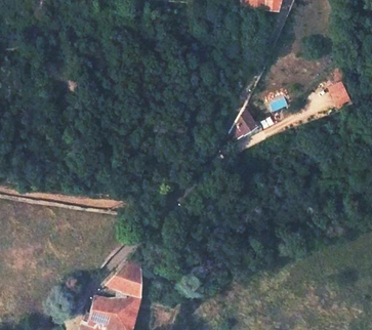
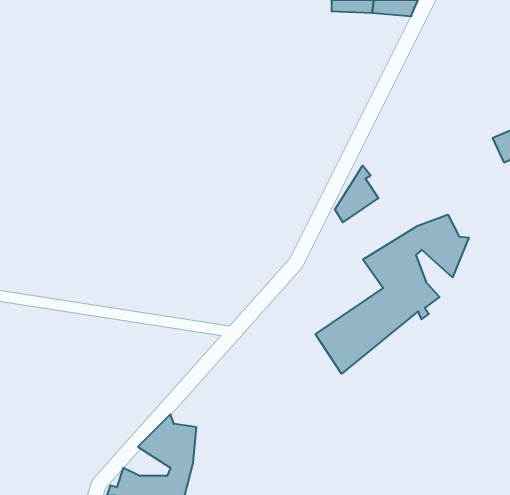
building: none -> [316,215,469,374]

